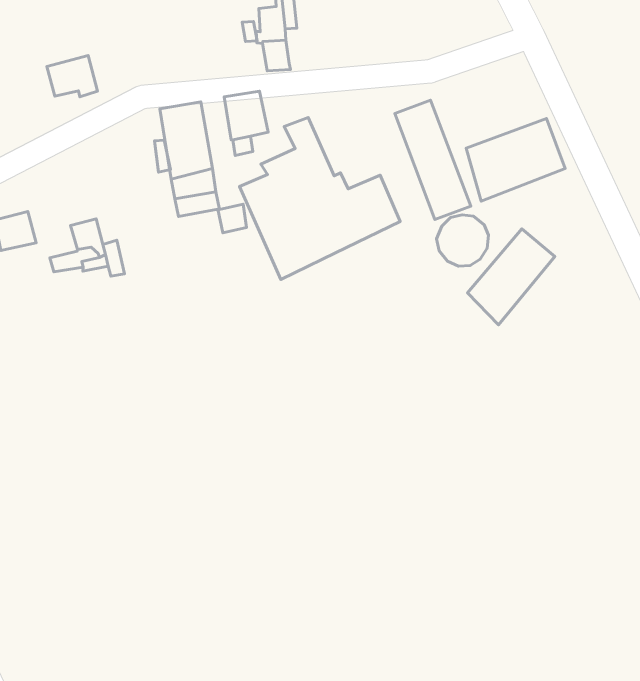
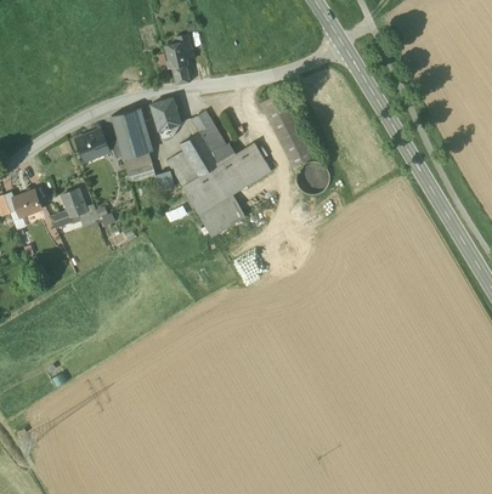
building: [47,56,98,97] -> [75,129,109,157]
building: [466,119,565,201] -> none
building: [468,229,555,325] -> none
building: none -> [199,194,245,237]

